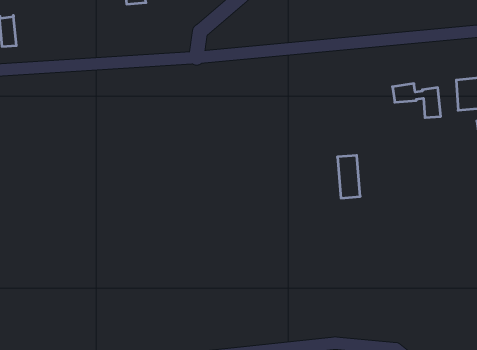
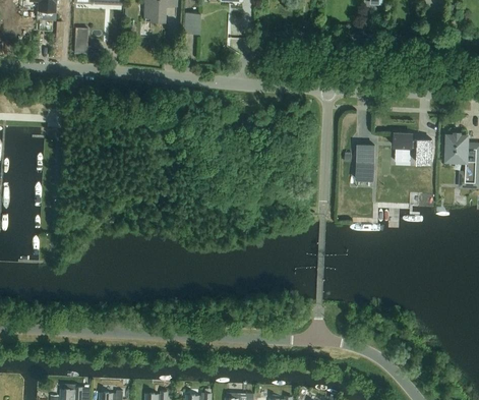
building: [337,155,360,198] -> [356,145,374,180]

